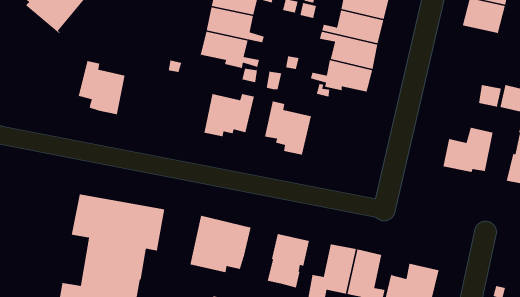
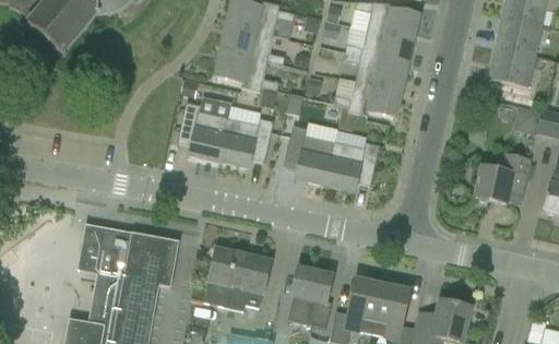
building: none -> [489,46,535,86]
building: [78,60,126,115] -> [177,102,228,161]
building: none -> [325,142,380,189]

